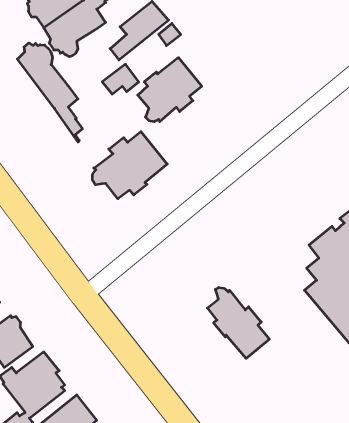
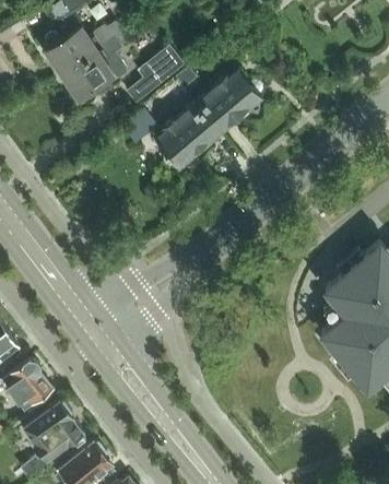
building: none -> [196,71,262,132]
building: [17,43,82,142] -> none
building: [93,132,167,199] -> none
building: [207,287,269,358] -> none

